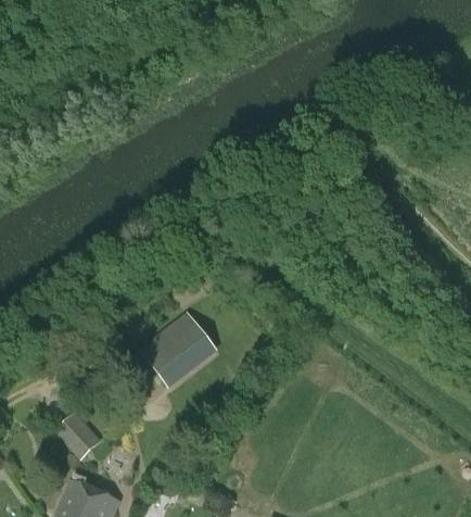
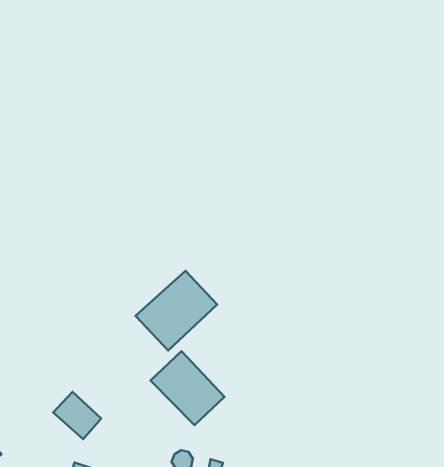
building: none -> [150,351,225,425]

